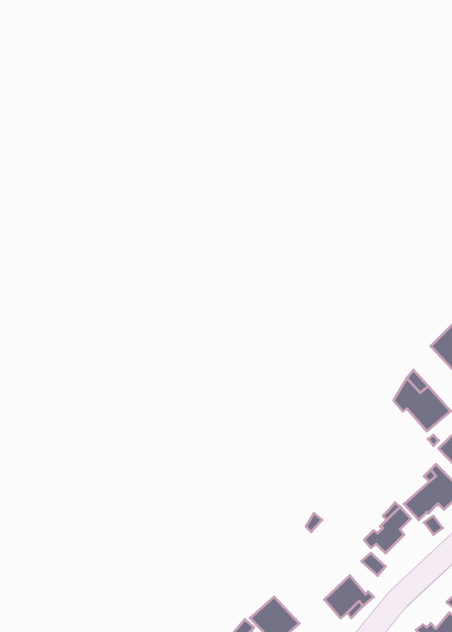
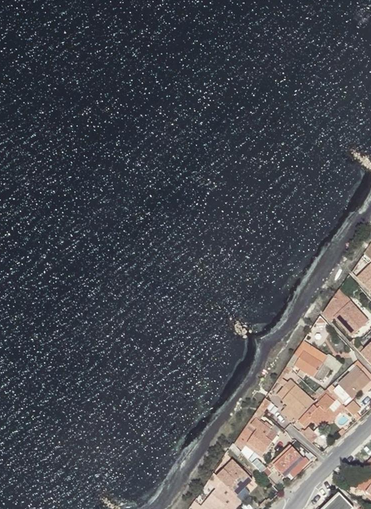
building: none -> [294,342,330,382]
building: none -> [279,380,314,422]
building: none -> [247,419,278,454]

